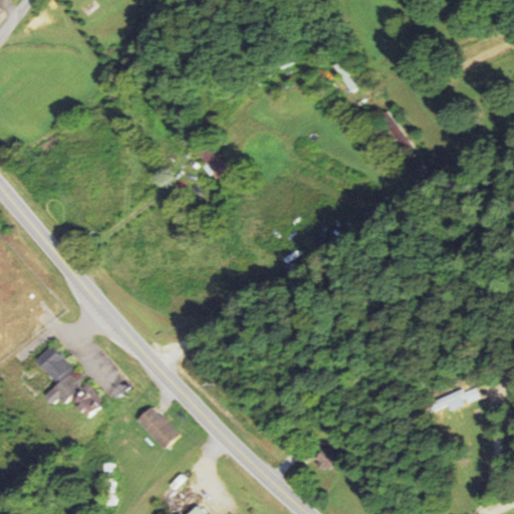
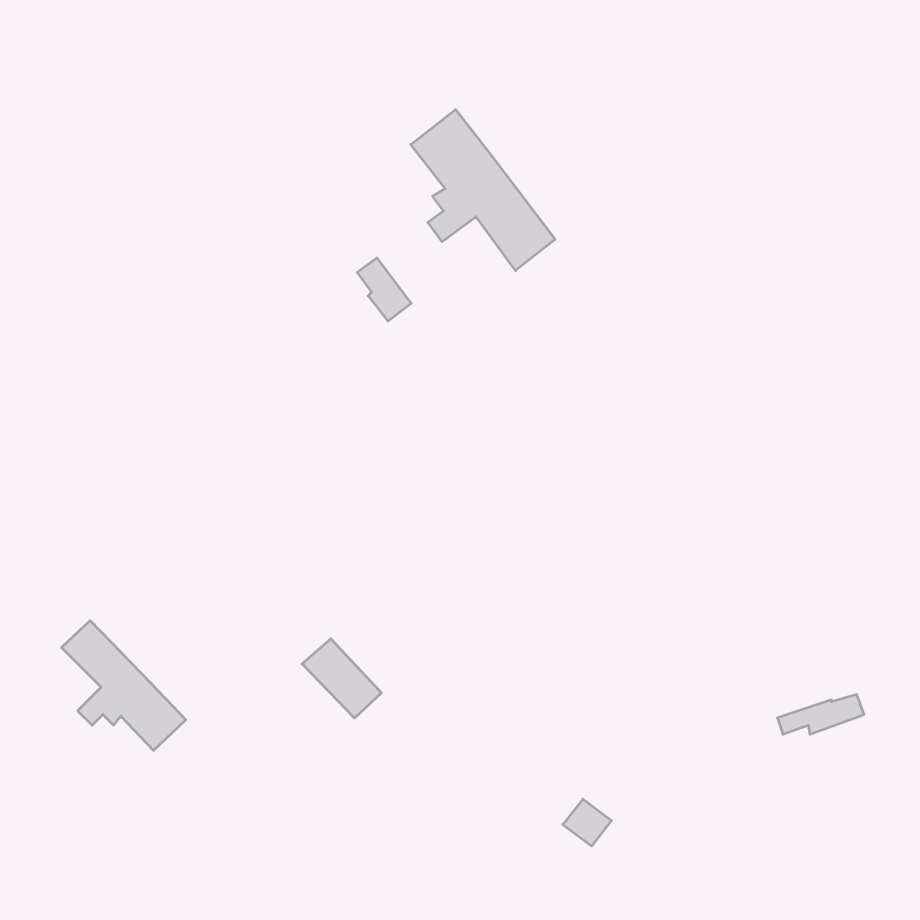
building: none -> [411,110,555,271]
building: [136,405,180,449] -> [302,639,381,718]

